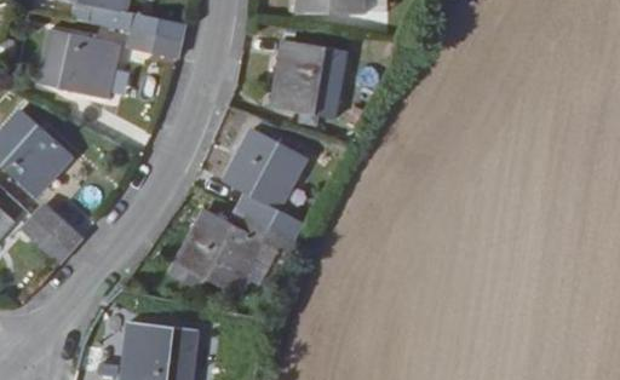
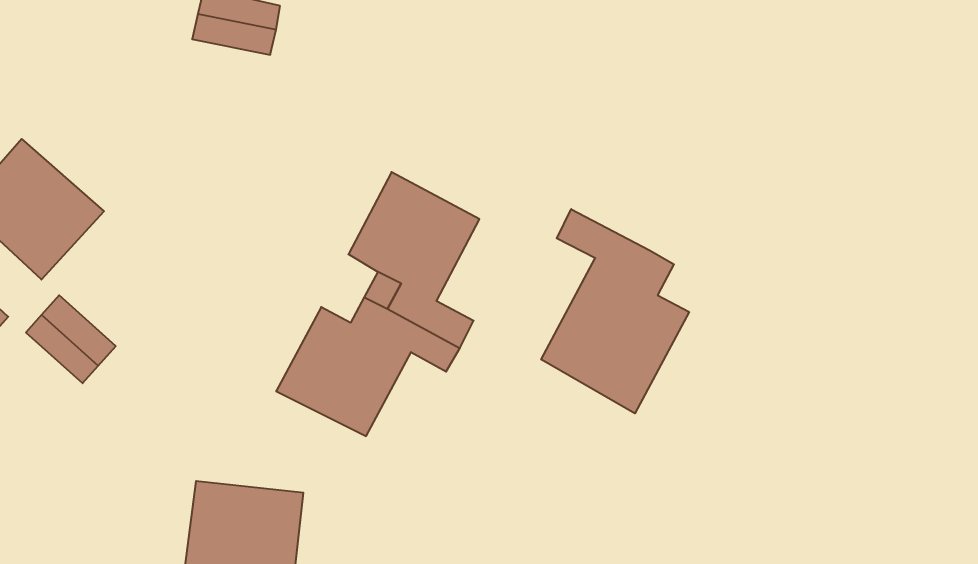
building: [36,30,114,100] -> none
building: [270,40,344,127] -> none
building: none -> [541,209,689,413]

